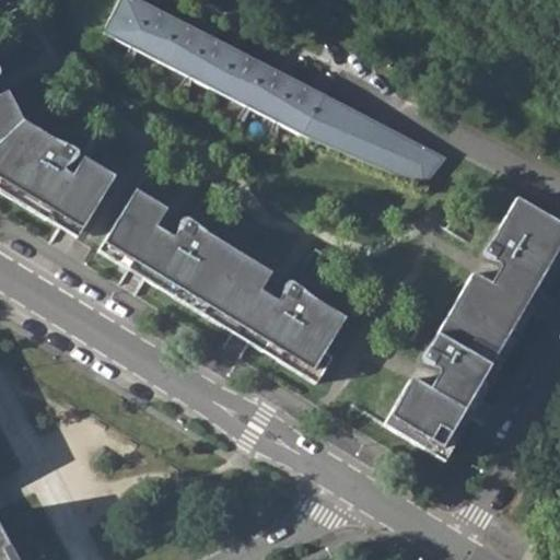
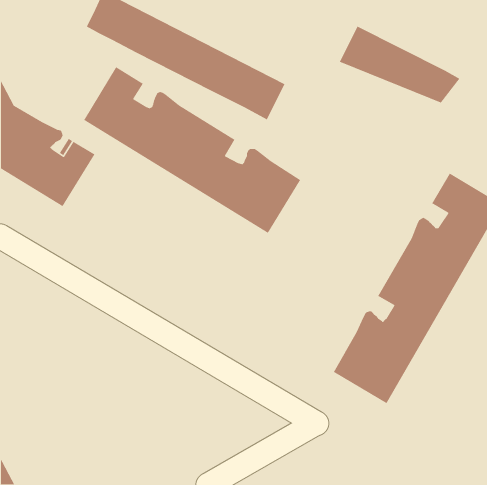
building: [310,95,447,184] -> [339,26,460,104]
building: [98,187,346,377] -> [83,66,301,234]

